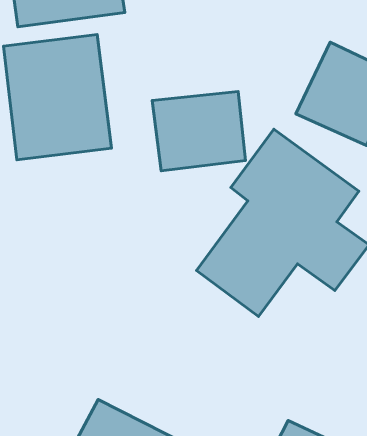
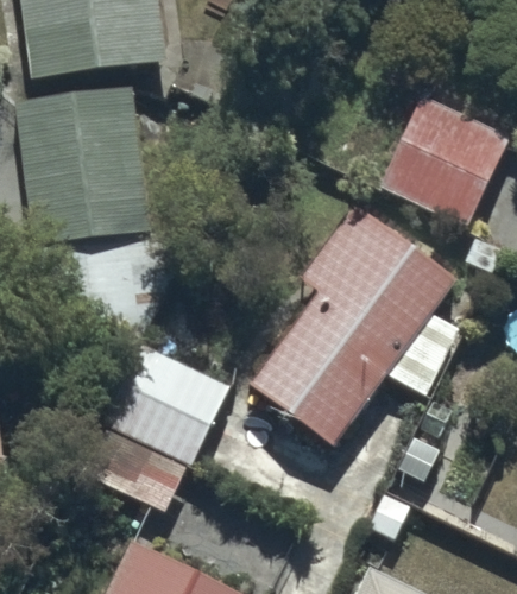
building: [152,92,245,171] -> none
building: none -> [81,343,231,511]

